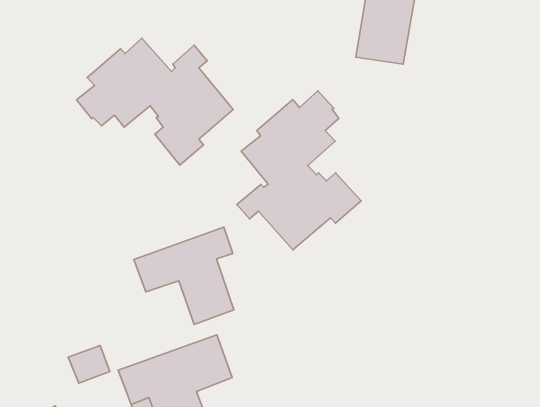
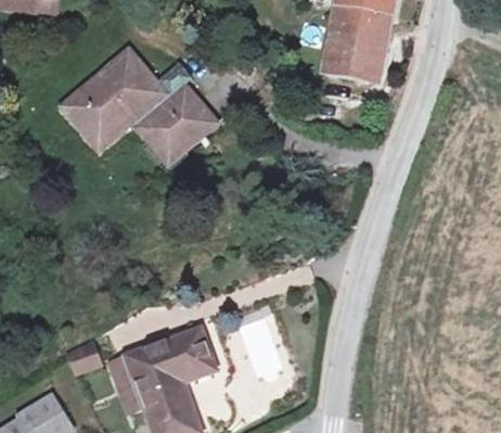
building: [237,91,361,250] -> none
building: [134,227,234,325] -> none

